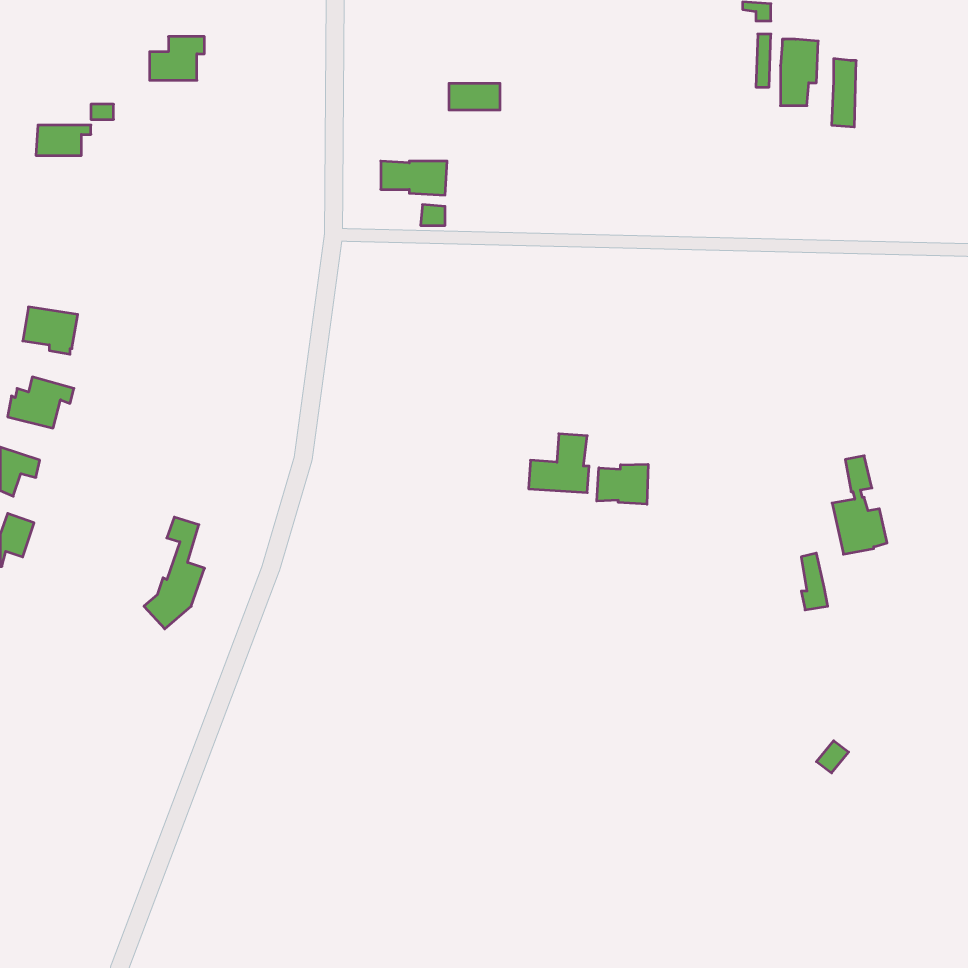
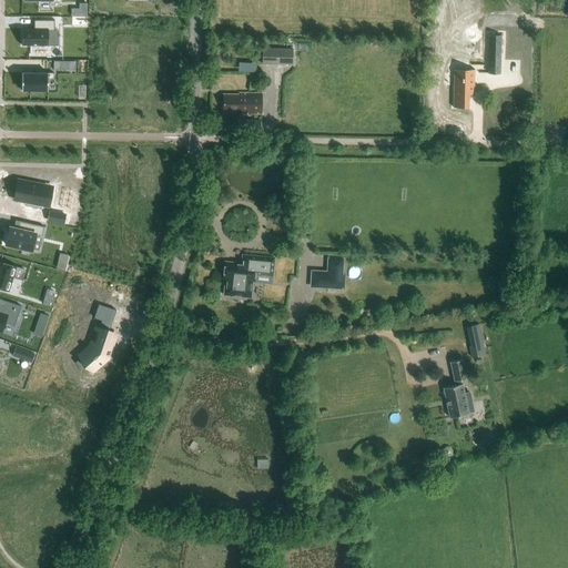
building: [150,37,204,80] -> [22,20,54,45]
building: [780,39,818,106] -> [453,69,475,108]
building: none -> [223,254,274,297]
building: [832,456,887,554] -> [443,361,475,418]
building: [597,464,648,504] -> none

